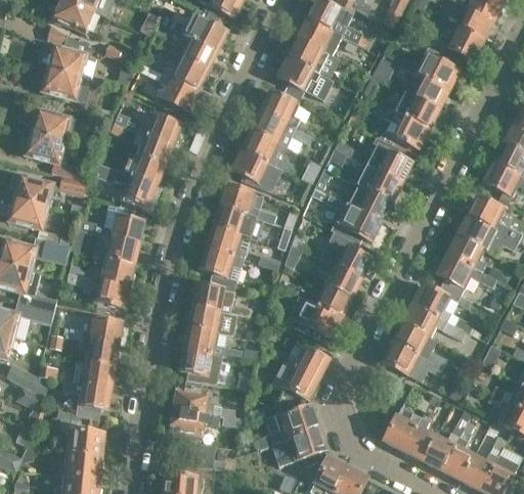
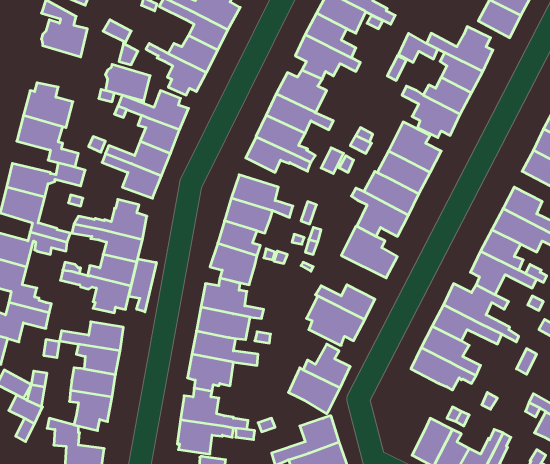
building: [42,68,83,102] -> [105,64,150,103]
building: [316,259,361,299] -> none
building: none -> [129,259,156,312]

